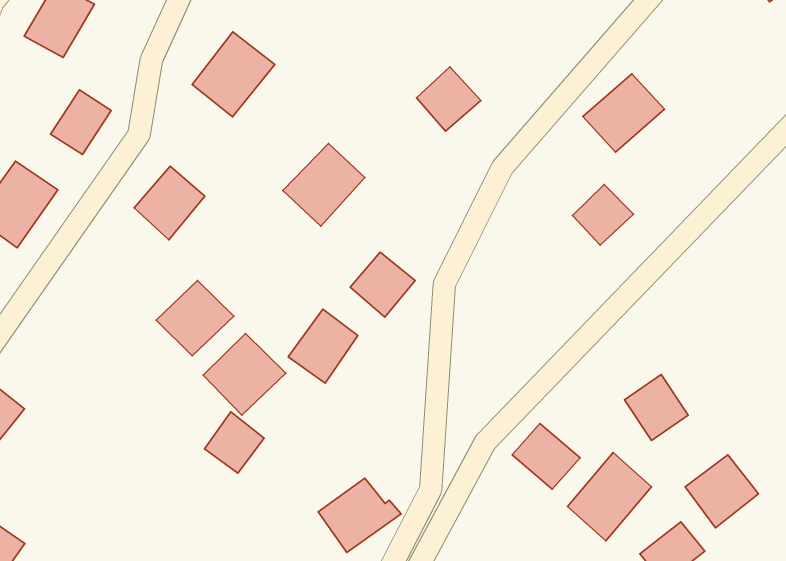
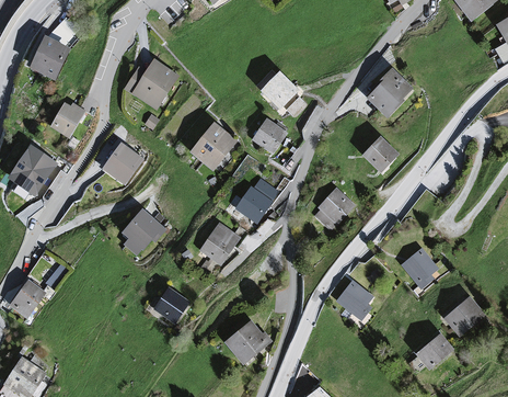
building: none -> [252,117,287,154]
building: none -> [318,188,355,224]
building: [203,334,286,415] -> none
building: [568,453,651,541] -> none

